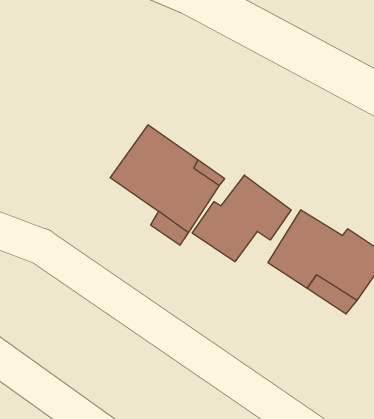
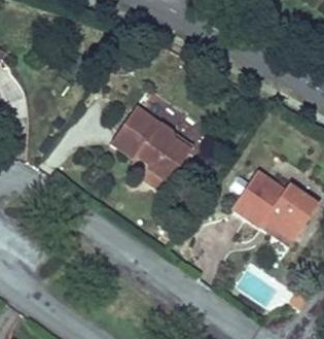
building: [192,175,291,262] -> none

